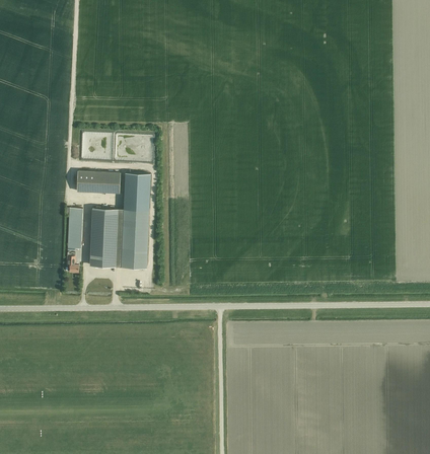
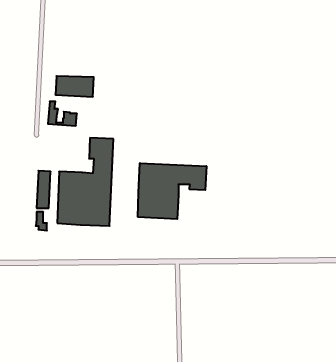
building: [77,171,119,194] -> [55,76,94,97]
building: none -> [138,163,206,219]

